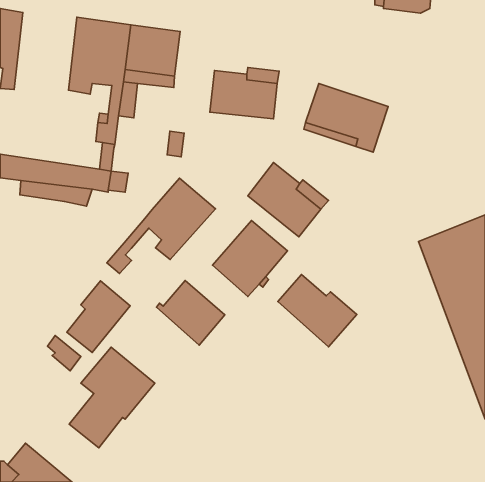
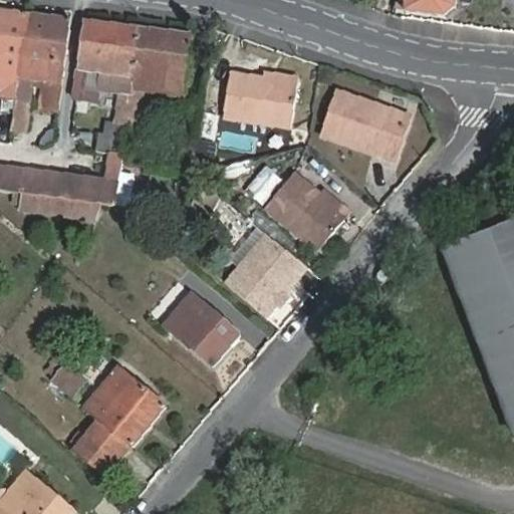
building: none -> [12,13,69,119]
building: [107,178,216,273] -> none
building: [278,275,357,347] -> none
building: [67,281,130,353] -> none

